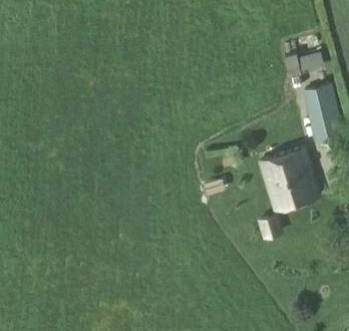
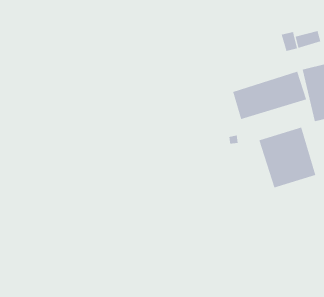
building: none -> [232,71,307,120]

